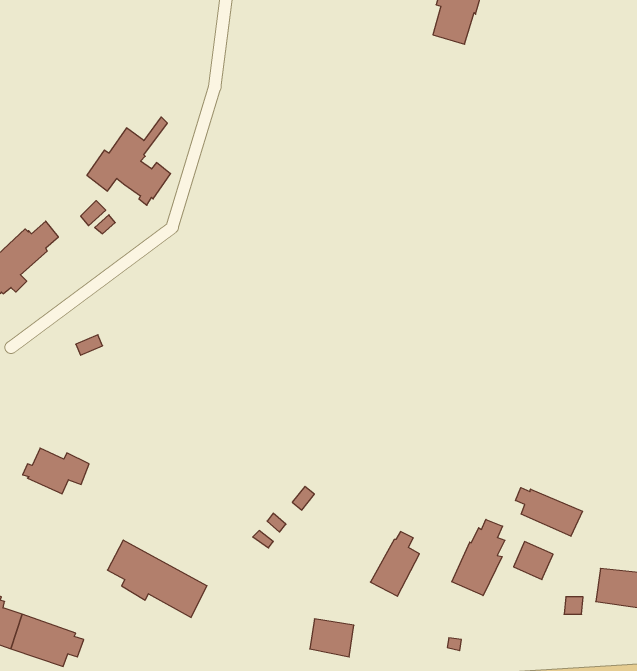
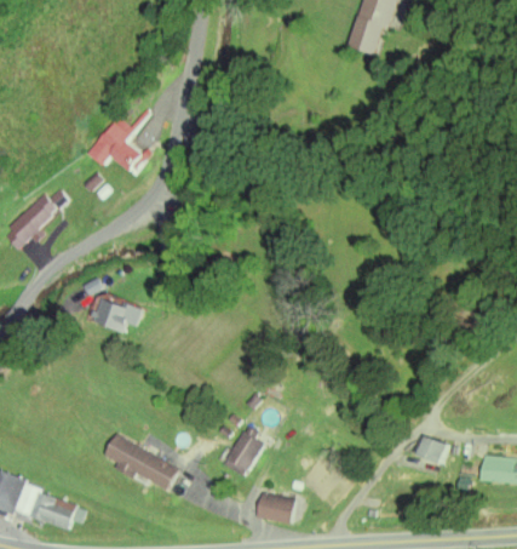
building: [23,448,89,494] -> [91,298,142,333]
building: [516,488,583,536] -> none
building: [452,519,505,596] -> none
building: [370,532,419,596] -> [224,425,262,475]

